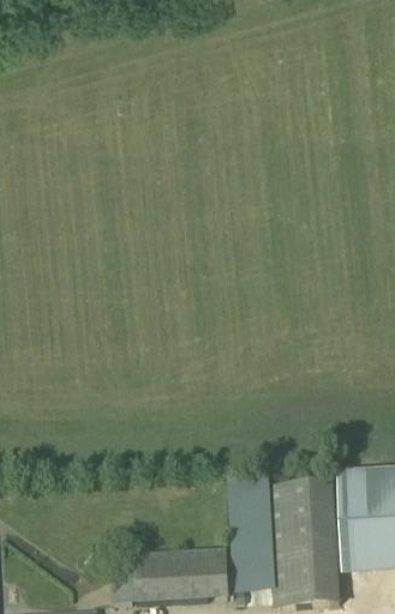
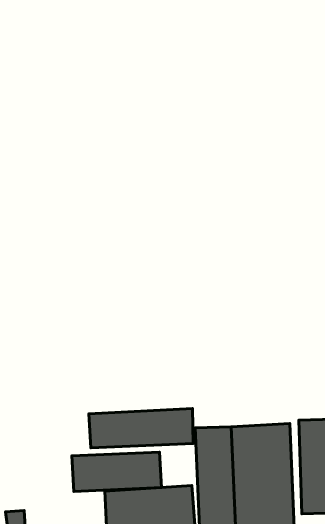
building: none -> [89,409,193,448]
building: none -> [72,452,162,491]

